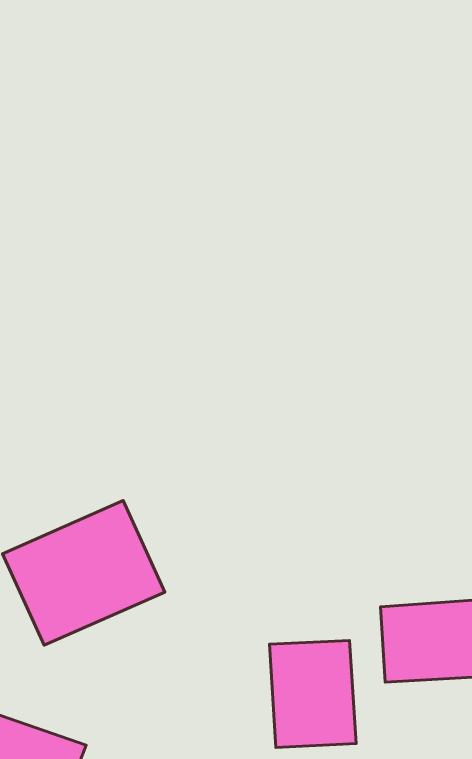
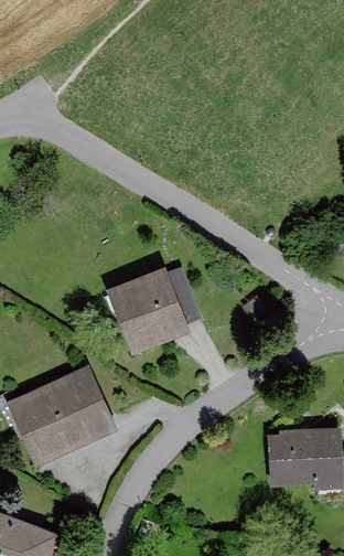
building: none -> [104,267,195,356]
building: [269,640,356,747] -> none

